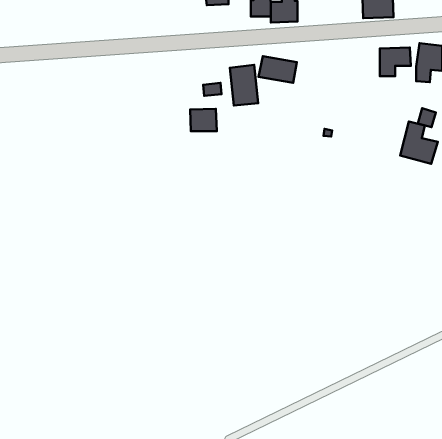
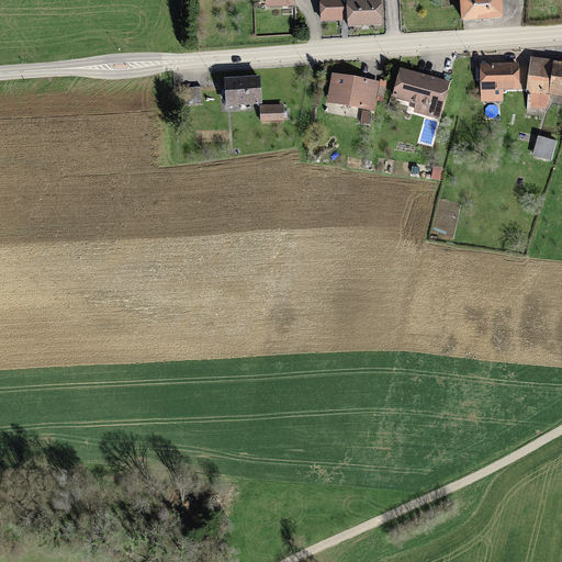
building: none -> [394,66,449,115]
building: [230,65,258,105] -> none
building: [190,109,217,131] -> [222,78,256,106]
building: [400,121,438,164] -> none

